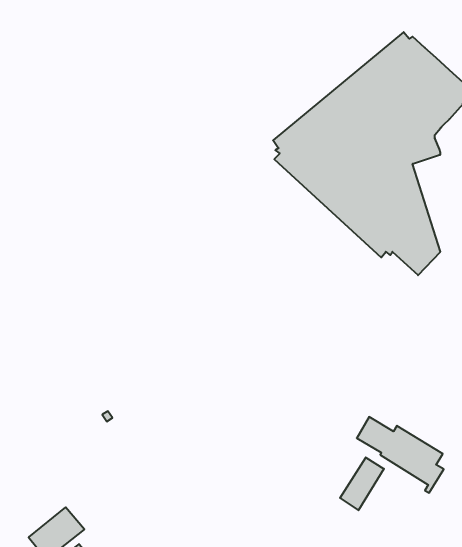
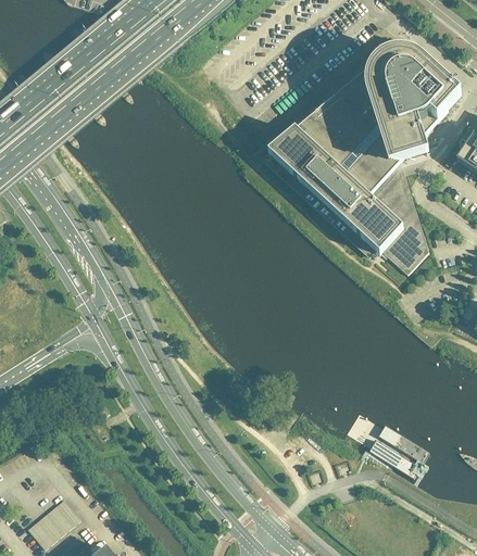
building: [340,457,384,510] -> none

